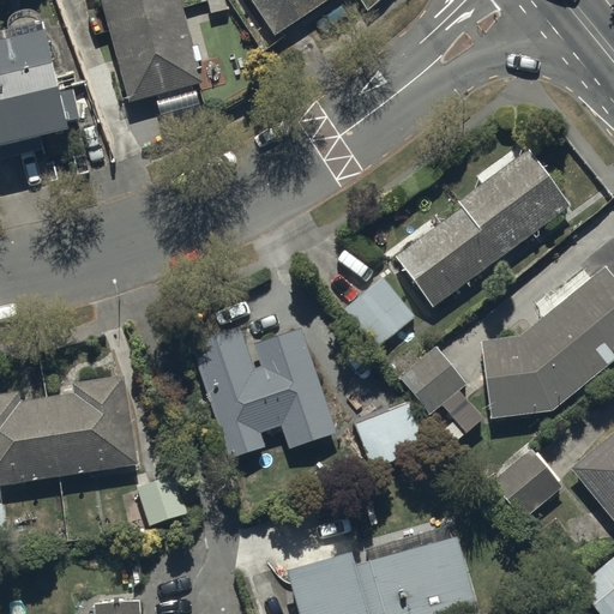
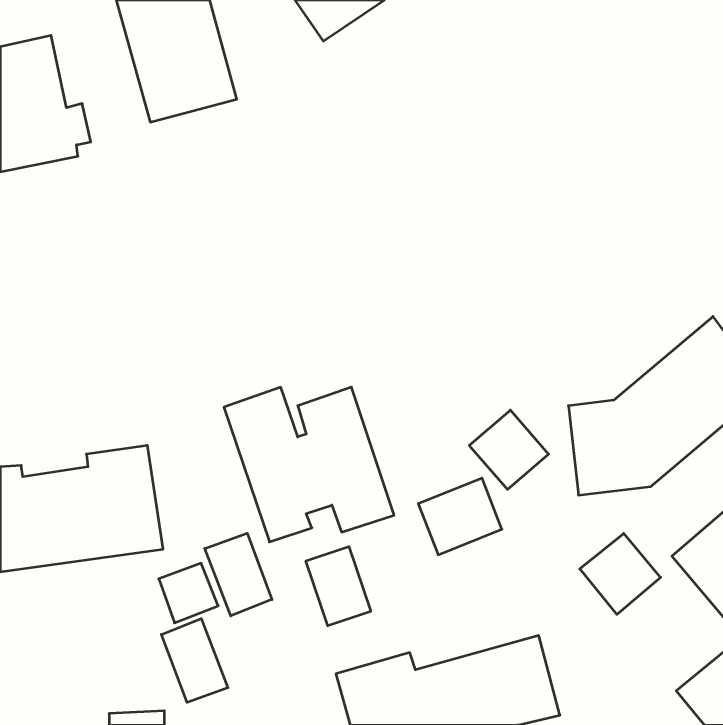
building: [395,142,570,308] -> none
building: [344,277,415,349] -> none
building: none -> [205,533,272,616]
building: none -> [306,547,371,626]
building: none -> [161,619,228,702]

